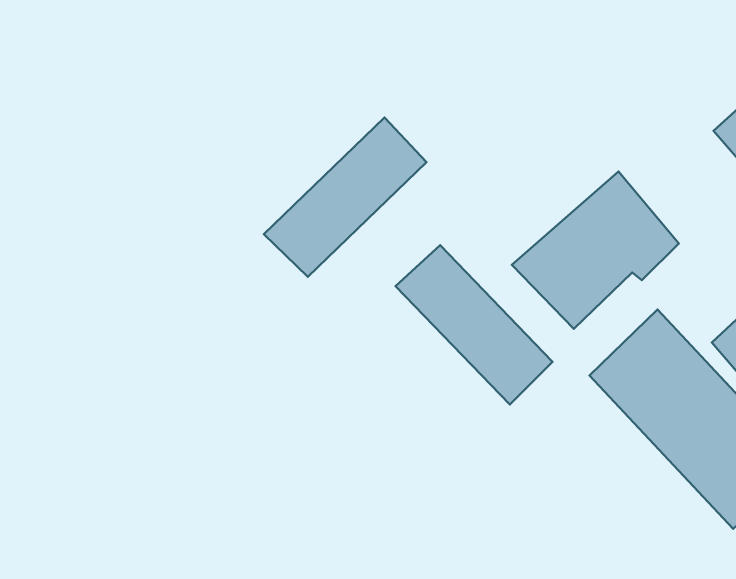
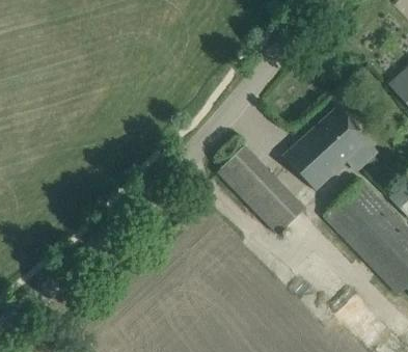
building: [264,117,426,277] -> none

